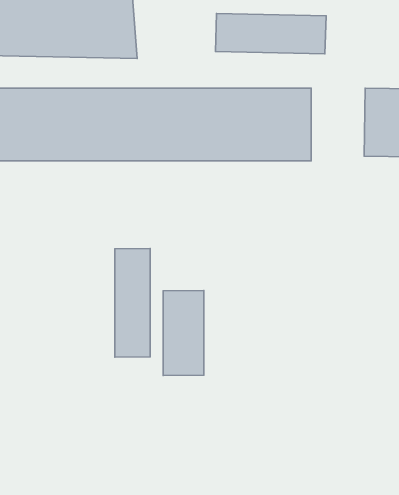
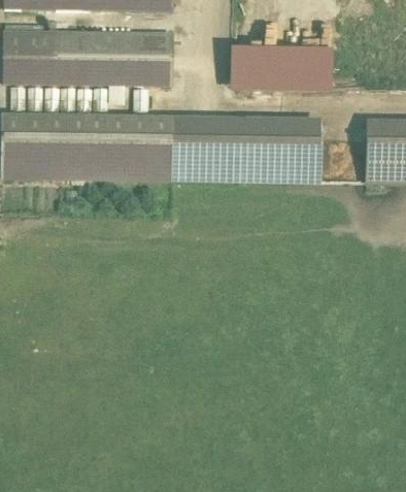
building: [115,249,150,357] -> none
building: [163,290,204,376] -> none

